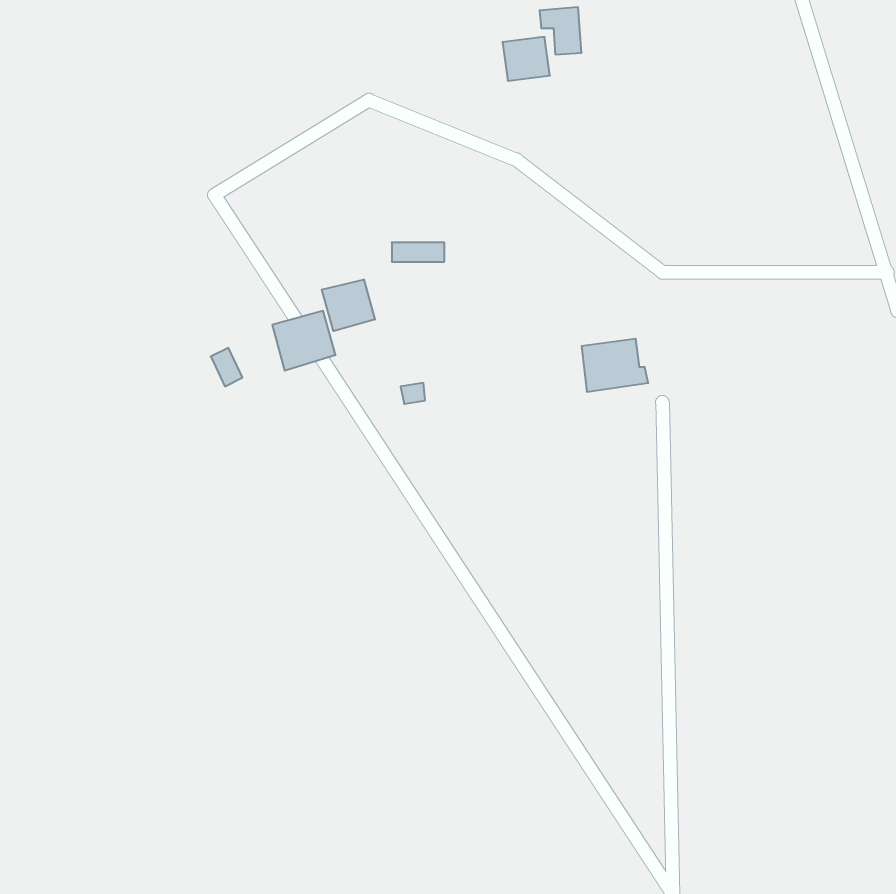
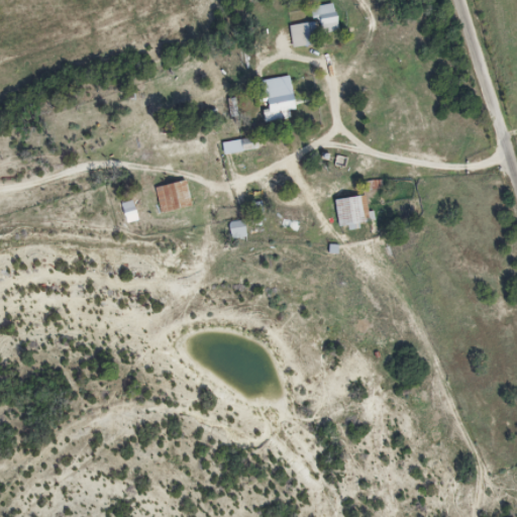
building: none -> [258,76,295,121]
building: [322,279,375,331] -> none

